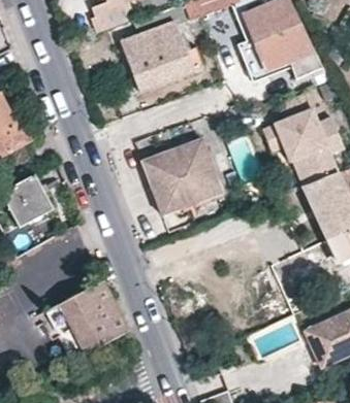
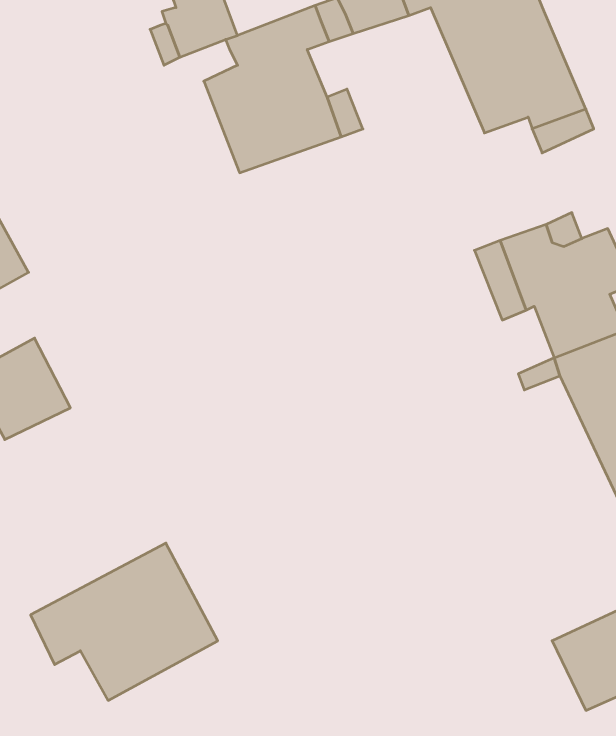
building: [144,136,224,211] -> none

